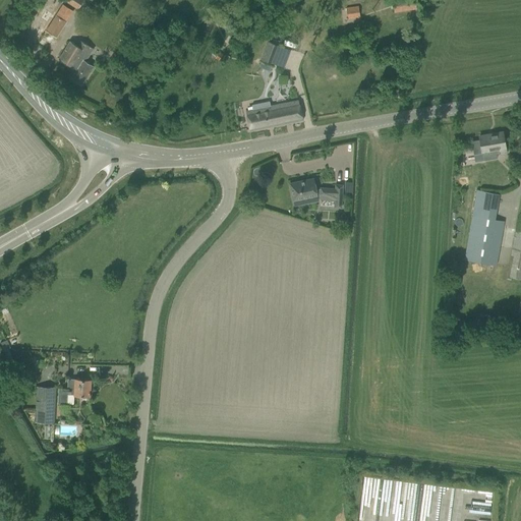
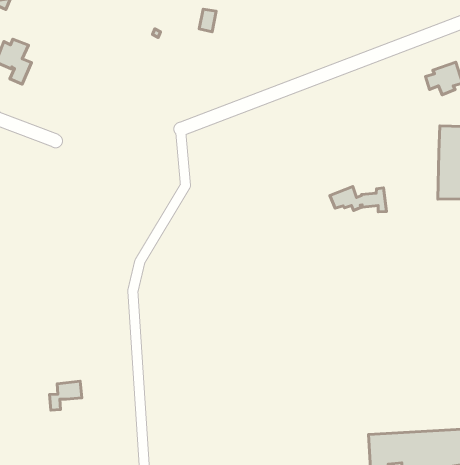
building: [246,101,303,130] -> none
building: [290,178,343,208] -> [330,186,386,212]
building: [36,387,56,423] -> none

